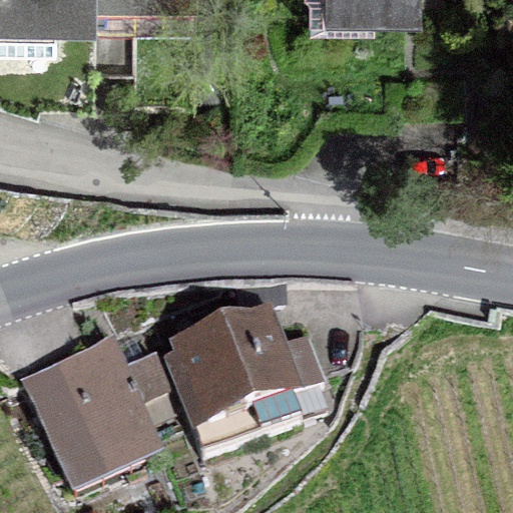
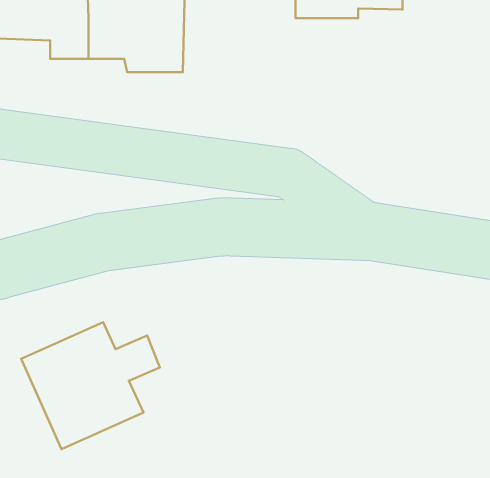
building: [165,310,321,447] -> none

